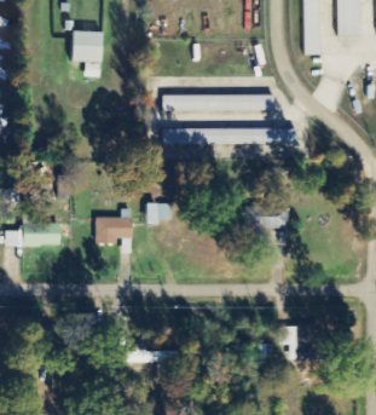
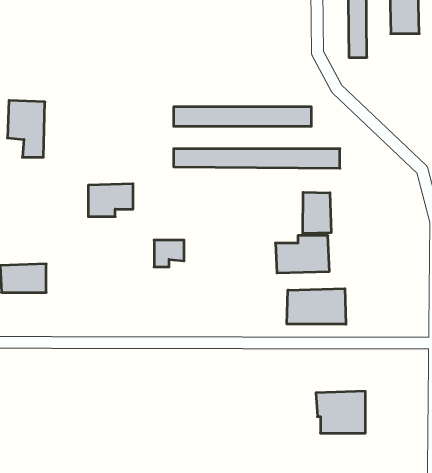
building: [71,30,102,76] -> [7,100,45,157]
building: none -> [303,192,331,234]
building: [96,215,132,242] -> [88,184,133,217]
building: none -> [287,289,346,324]

